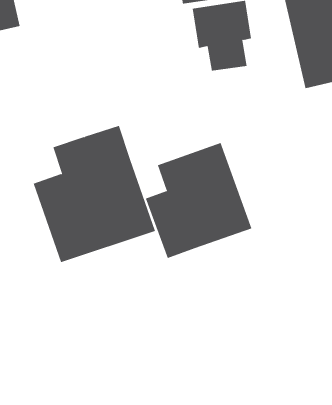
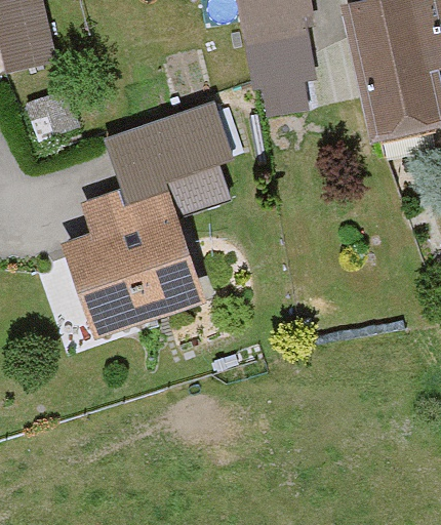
building: none -> [103,100,231,215]
building: [145,142,252,259] -> none

